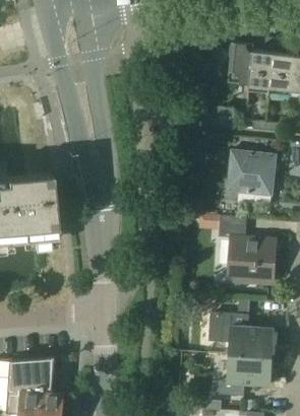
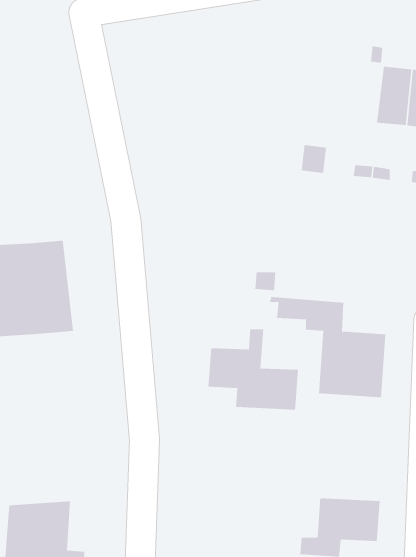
building: [228,42,274,91] -> none
building: [227,150,276,196] -> none
building: [209,299,274,356] -> [208,329,299,410]

